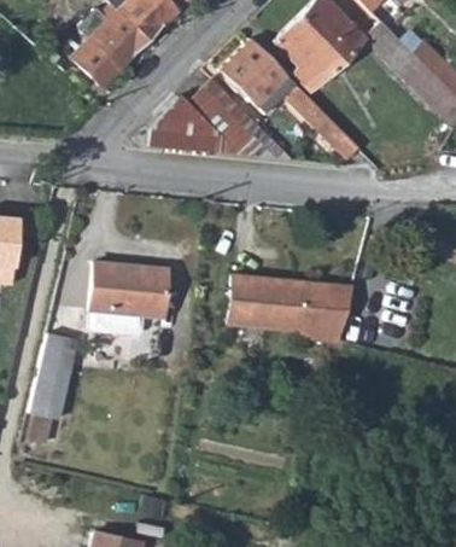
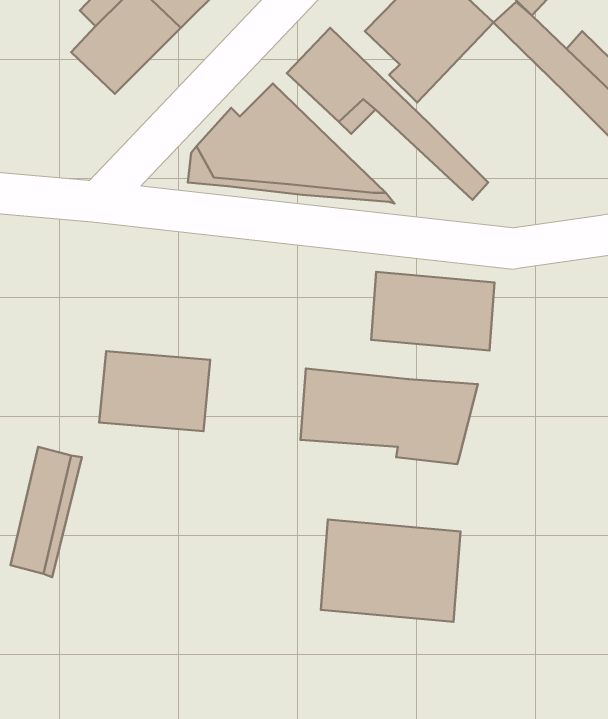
building: none -> [371,272,494,350]
building: none -> [321,520,460,622]

